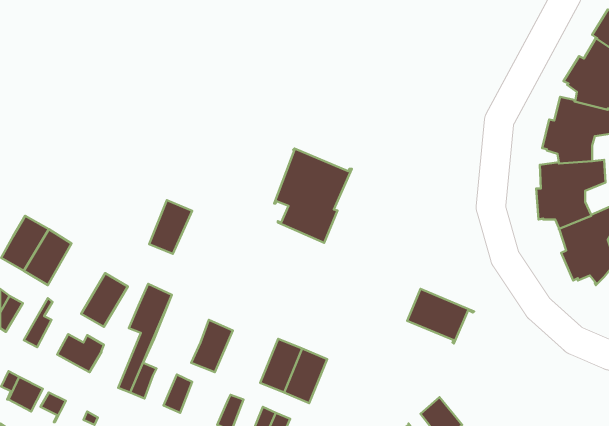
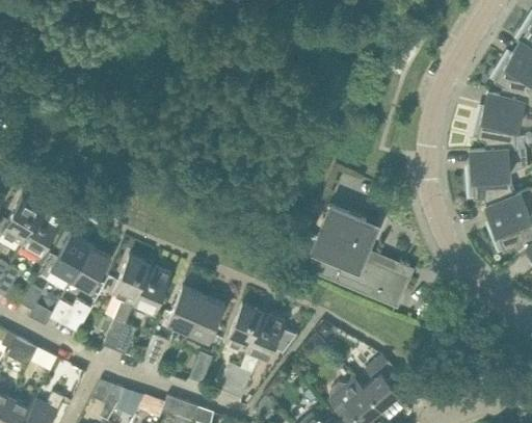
building: [274,149,352,243] -> [312,206,379,288]
building: [149,200,192,254] -> [135,265,172,312]
building: none -> [51,235,92,282]
building: none -> [188,296,227,343]

